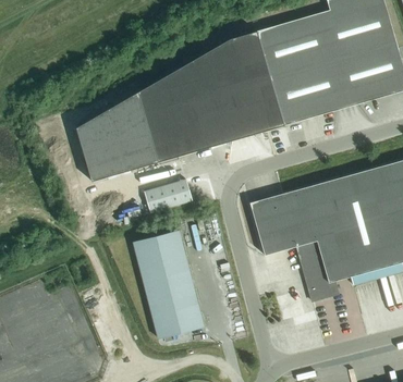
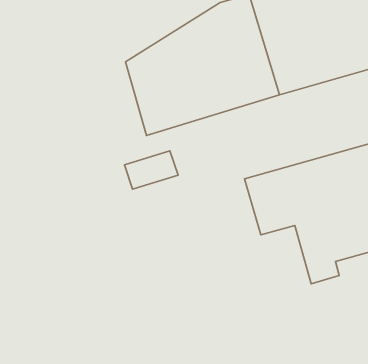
building: [81,94,159,182] -> none
building: [134,231,205,337] -> none

